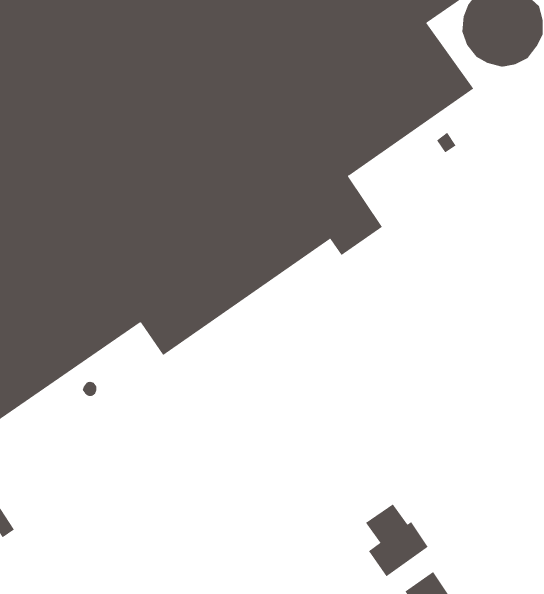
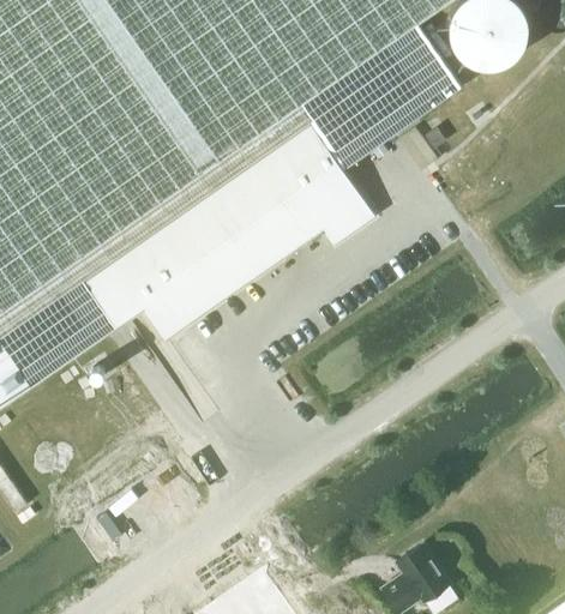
building: [365,504,428,577] -> none

